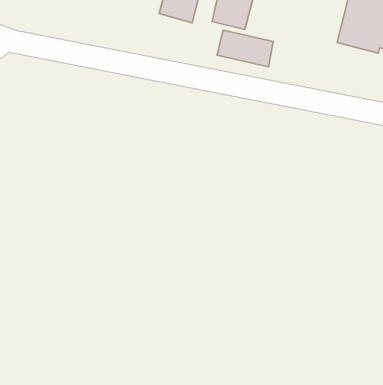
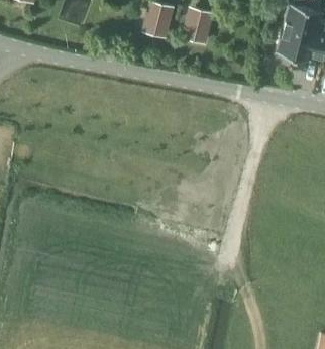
building: [217,30,273,67] -> none

